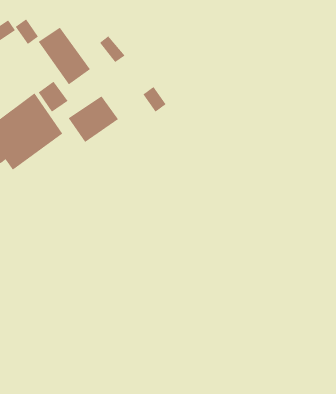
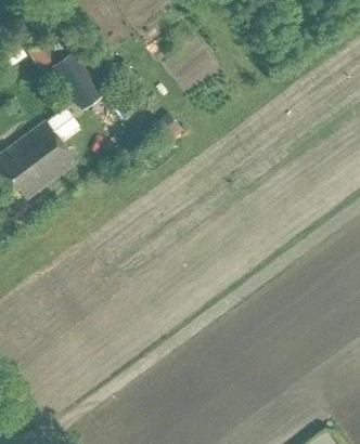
building: [68,95,119,143] -> none

